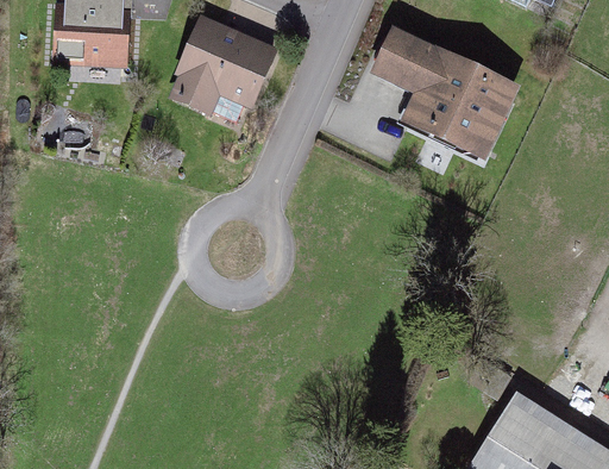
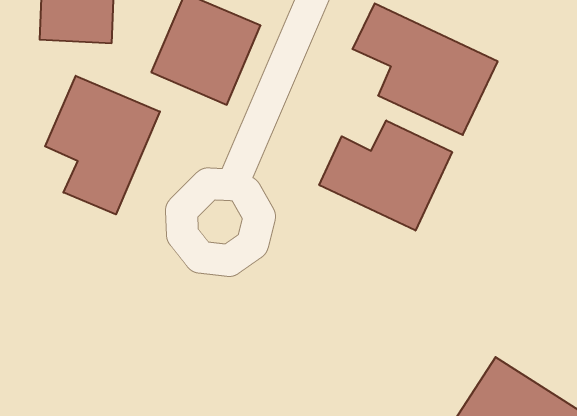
building: none -> [45,76,160,214]
building: none -> [319,120,452,231]

